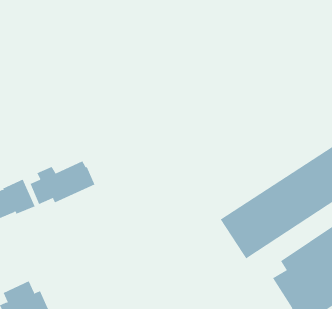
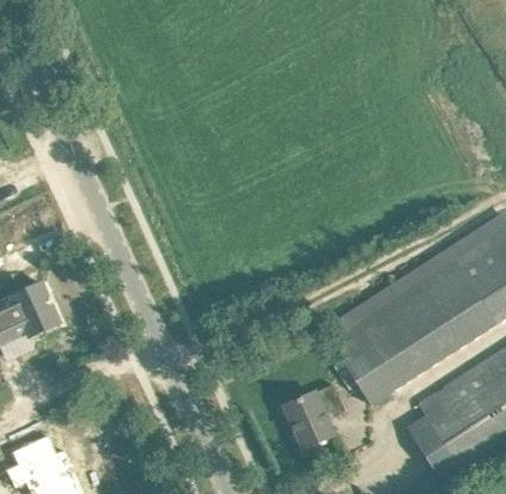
building: [30,160,95,205] -> none
building: none -> [284,384,346,449]

